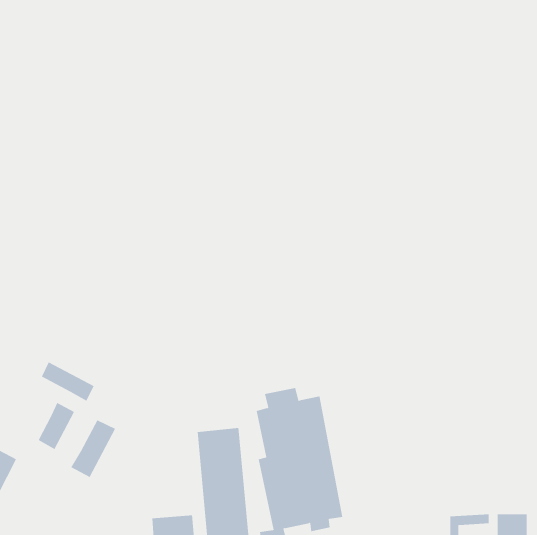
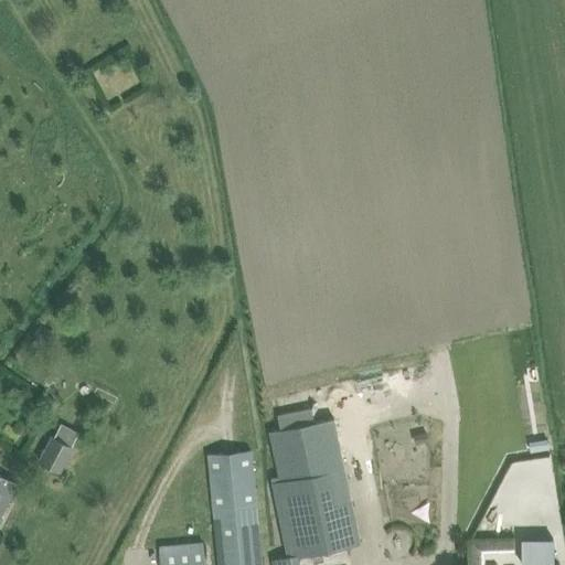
building: [41,361,95,402] -> none
building: [71,419,116,478] -> none

